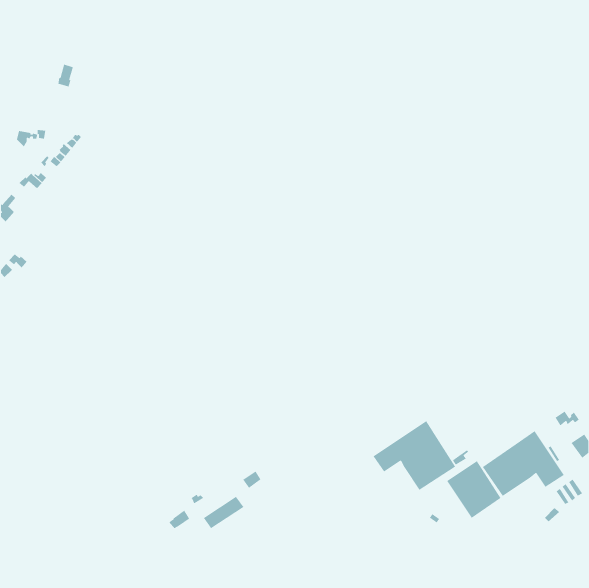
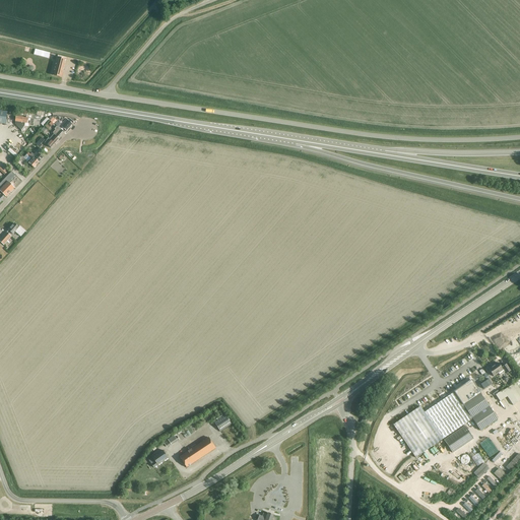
building: [373,420,456,491] -> none
building: none -> [444,425,473,452]

